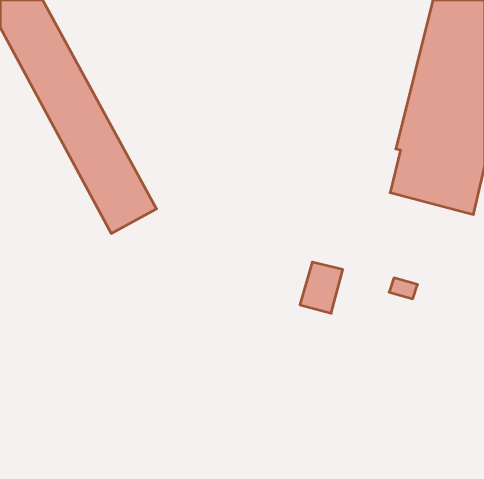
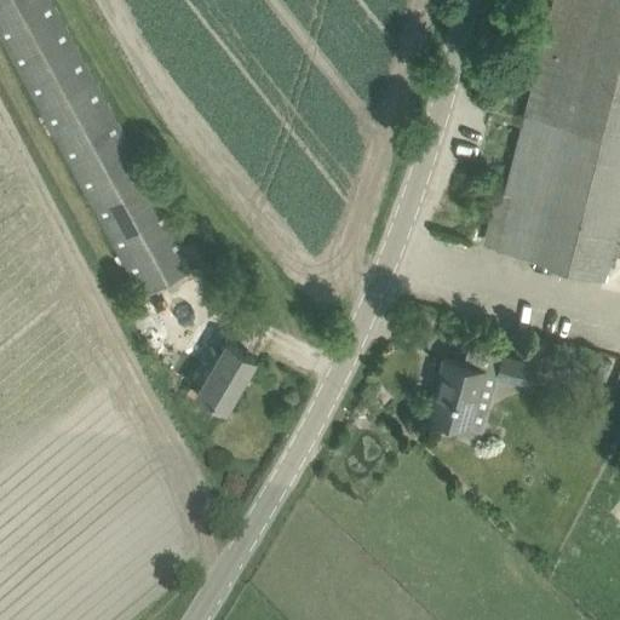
building: [300,262,343,313] -> [429,366,483,431]
building: none -> [197,346,256,413]

